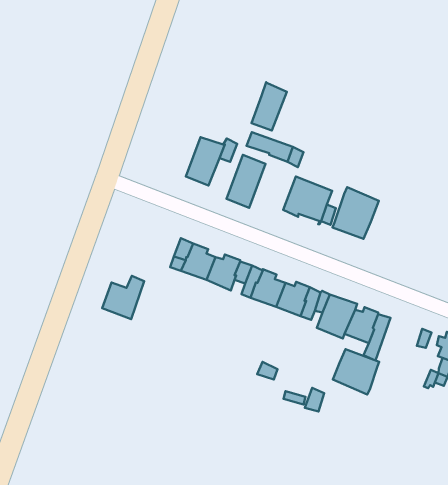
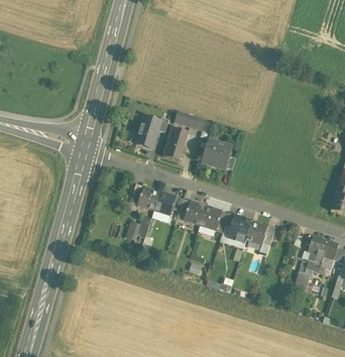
building: [251,82,287,131] -> none
building: [333,187,379,239] -> none
building: [102,276,144,319] -> [126,215,152,243]
building: [333,349,379,395] -> none

